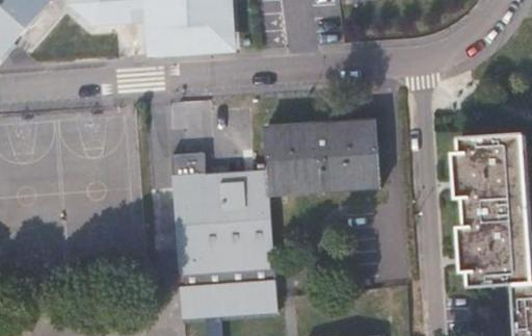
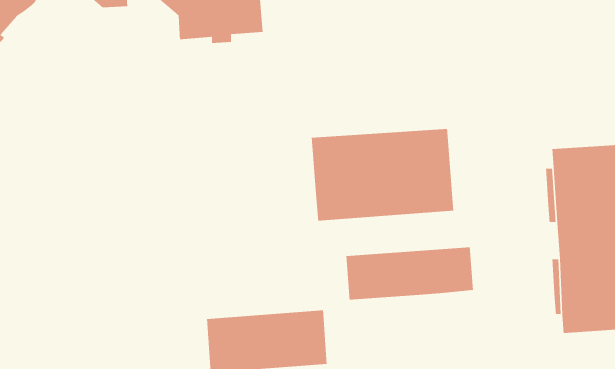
building: [170,154,274,276] -> none
building: none -> [345,246,474,301]

